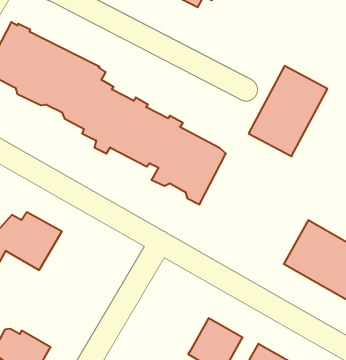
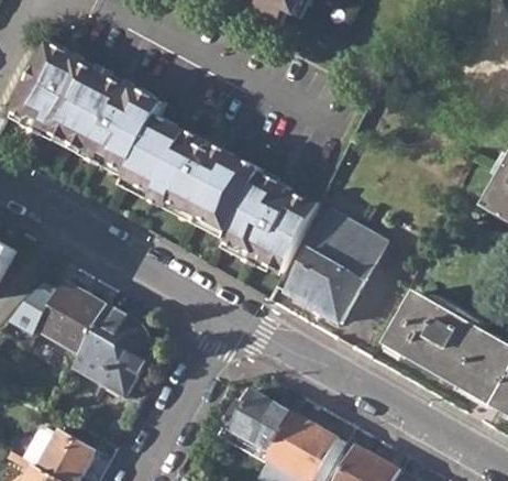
building: [249,66,327,156] -> [286,209,385,323]
building: none -> [73,306,150,397]
building: none -> [221,393,292,455]

